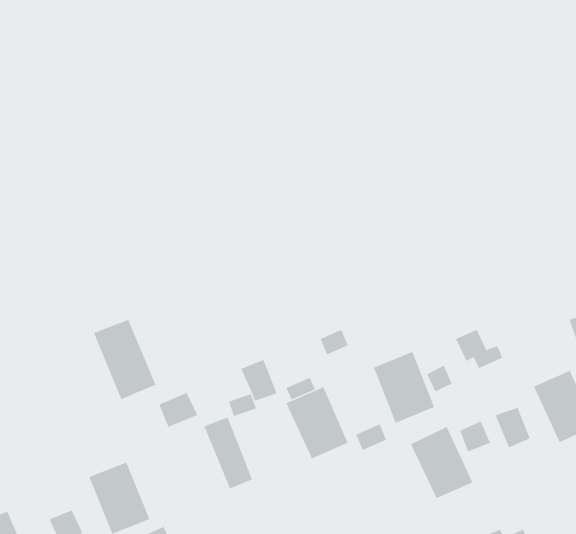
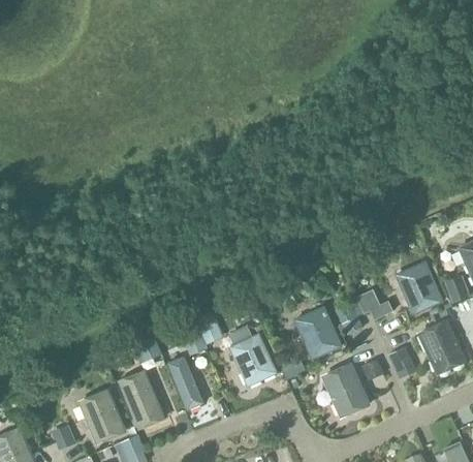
building: none -> [393,259,441,315]
building: [93,319,156,400] -> [119,369,166,430]

